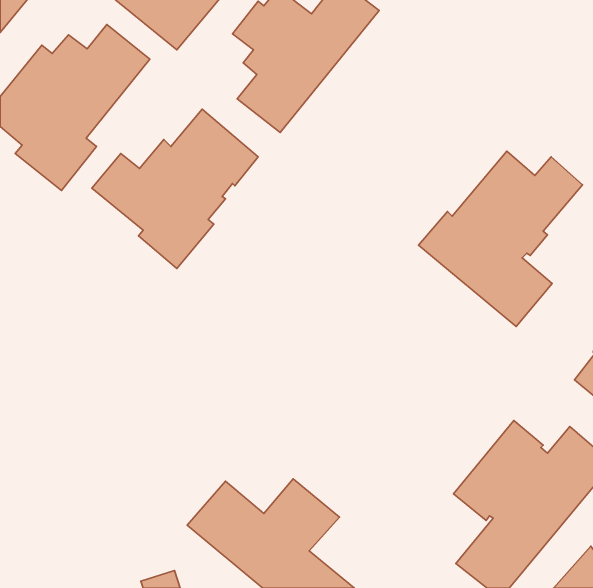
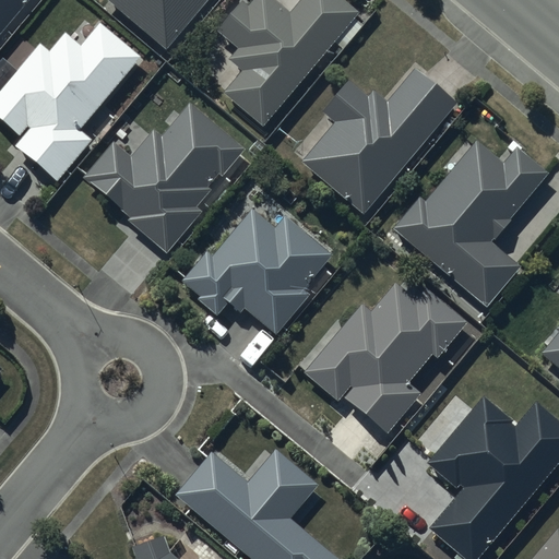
building: none -> [302,69,456,213]
building: none -> [182,209,332,333]
building: none -> [301,282,468,433]

